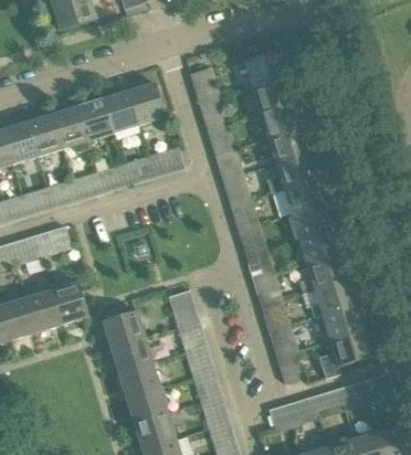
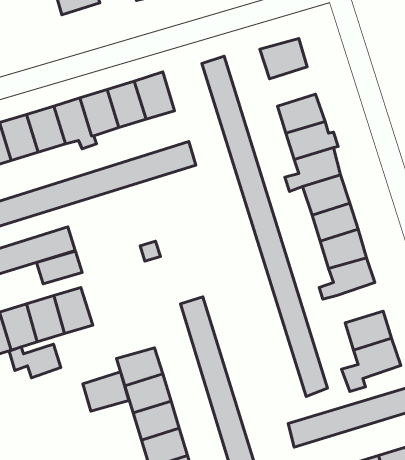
building: [252,76,295,113] -> none
building: none -> [37,251,82,284]
building: [310,277,358,317] -> none
building: [102,311,145,348] -> [83,372,129,411]
building: none -> [9,344,61,378]

